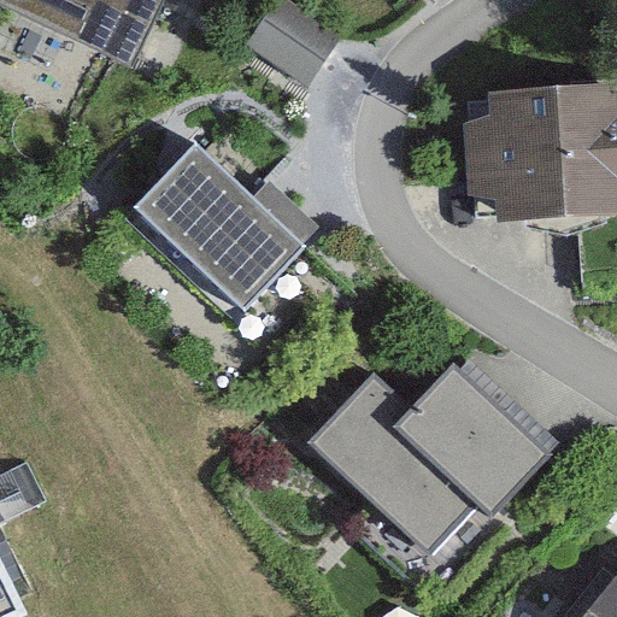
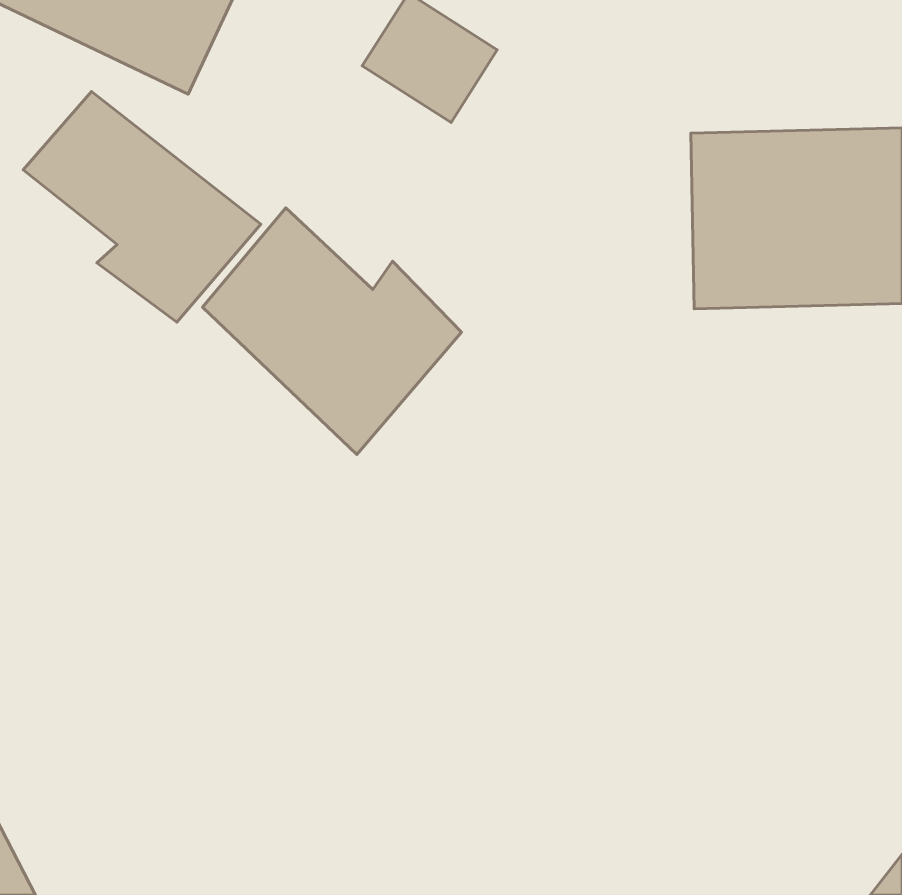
building: none -> [23,92,261,322]
building: [307,368,551,570] -> none

